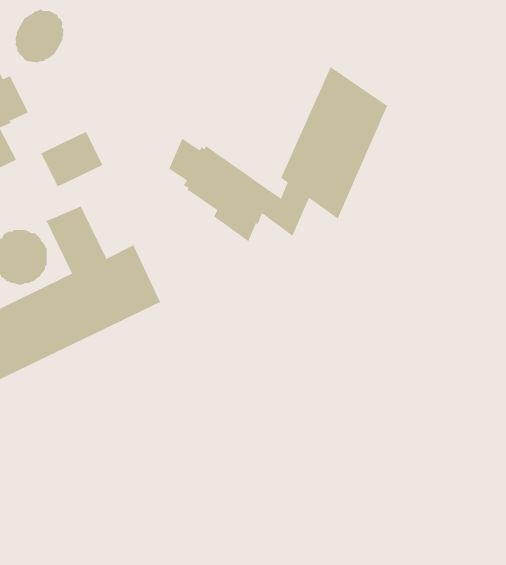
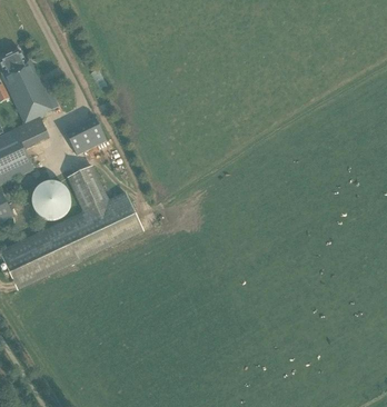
building: [15,9,64,63] -> none
building: [169,66,388,242] -> none

